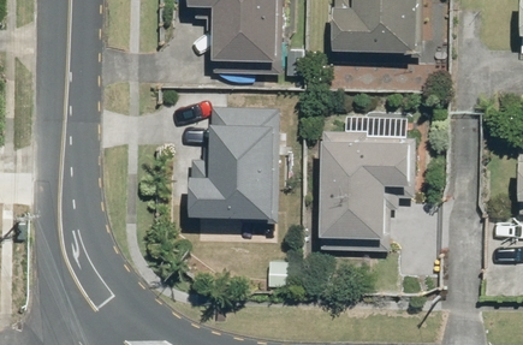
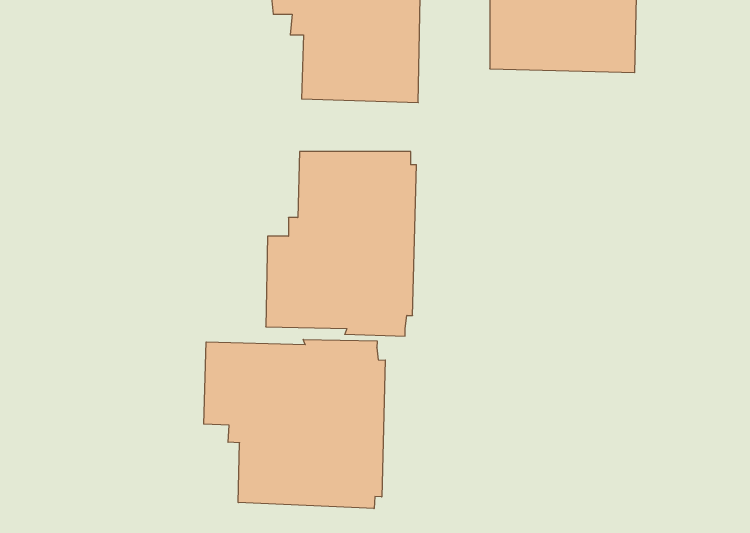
building: [319,123,420,244] -> none
building: none -> [204,339,385,509]

